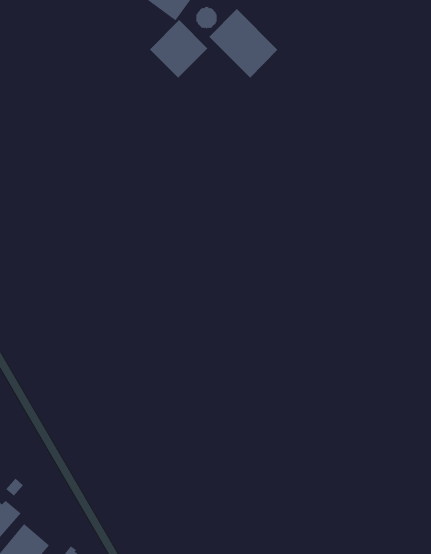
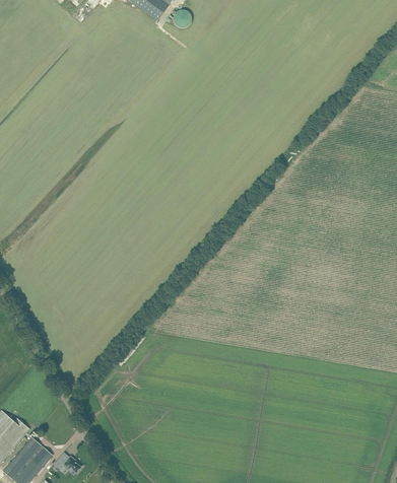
building: [209,8,278,78] -> none
building: [149,19,208,79] -> none

